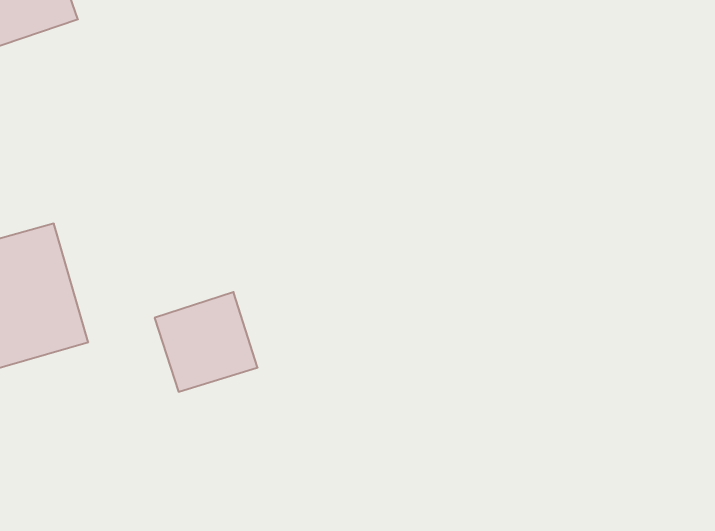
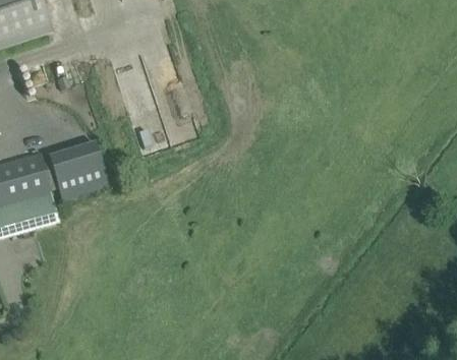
building: [155,292,258,392] -> [48,140,109,199]

